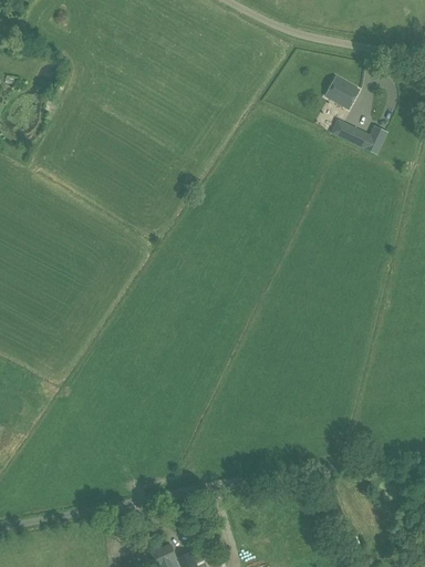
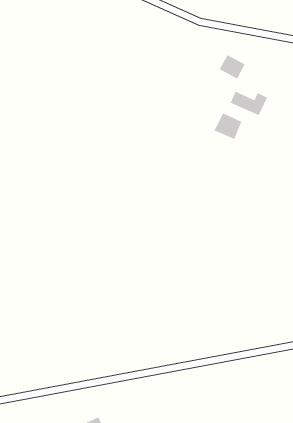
building: none -> [214,113,242,140]

